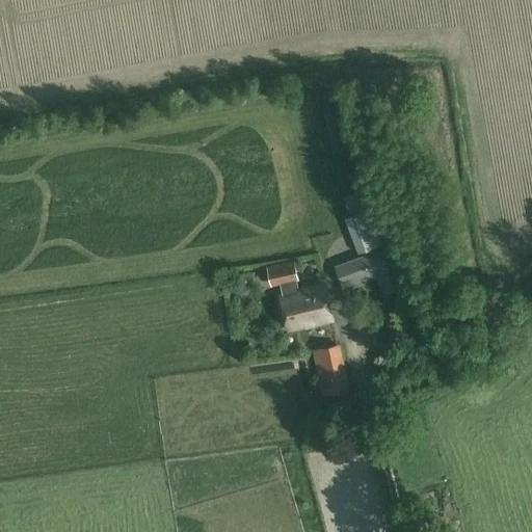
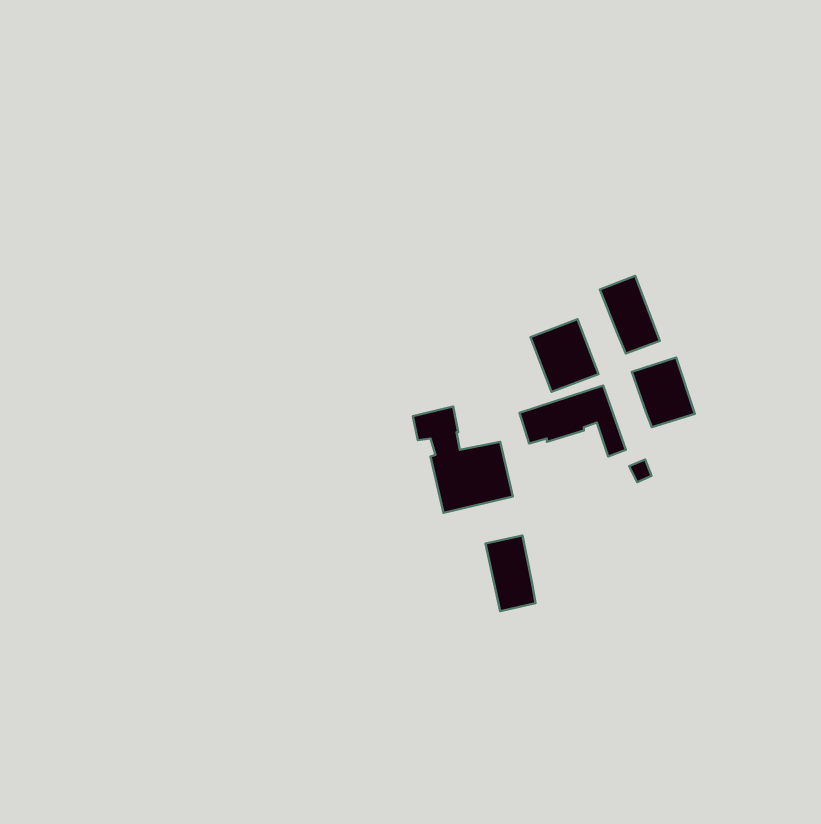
building: none -> [600,276,660,353]
building: none -> [632,357,695,427]

